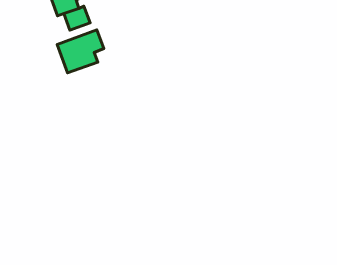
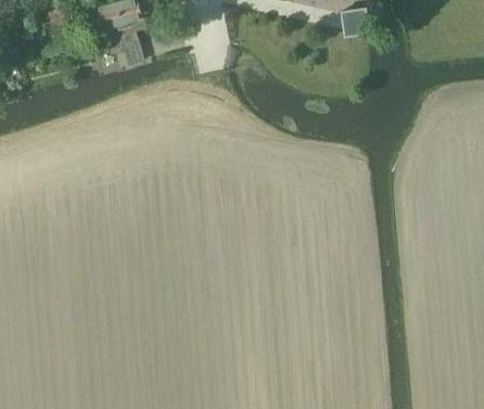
building: [57,30,104,73] -> none

